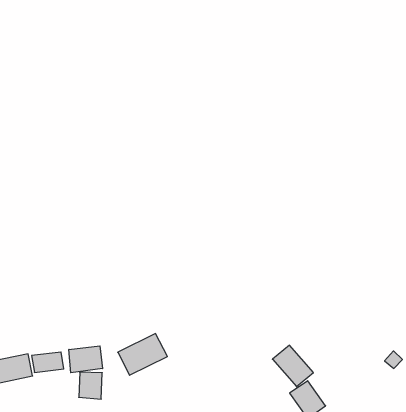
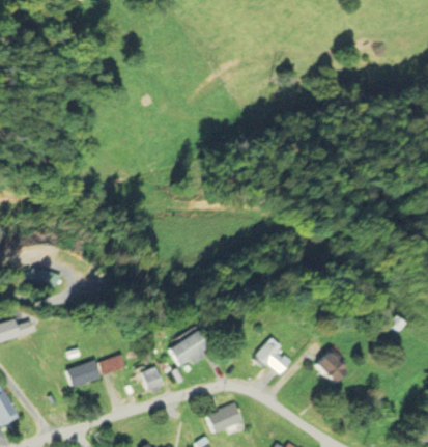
building: [272,345,313,387] -> [255,341,290,374]
building: [69,346,103,373] -> none

